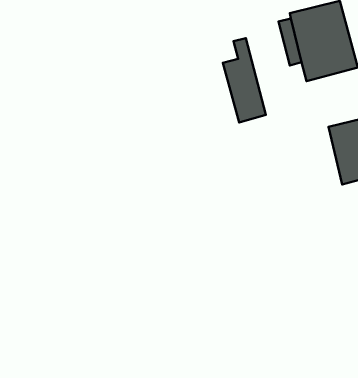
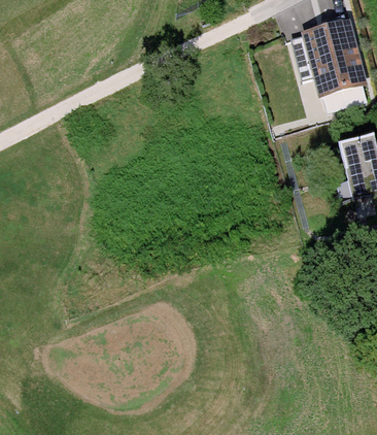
building: [223,38,266,122] -> none

